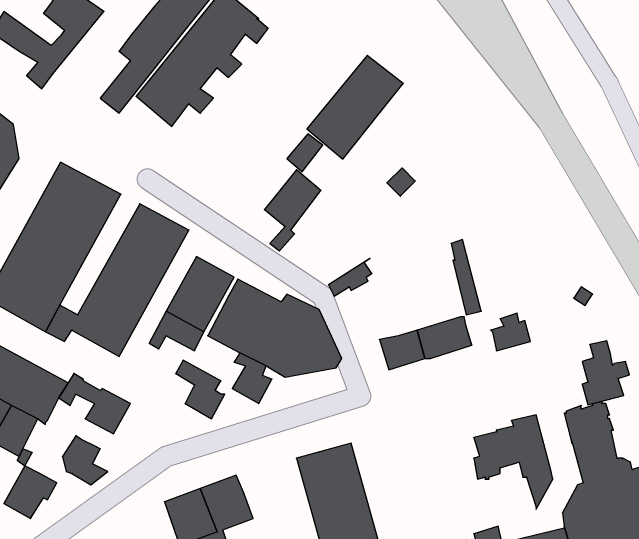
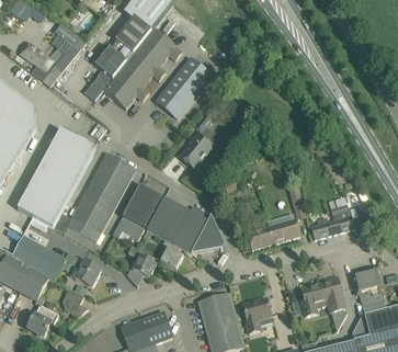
building: [307,55,403,159] -> [155,57,211,117]
building: [582,341,629,405] -> [330,195,357,232]
building: none -> [242,296,272,333]

